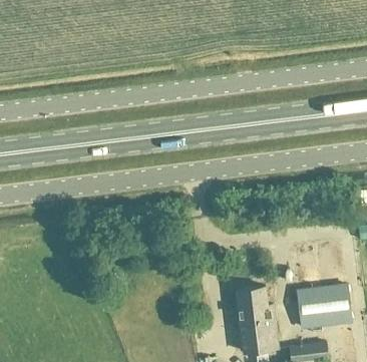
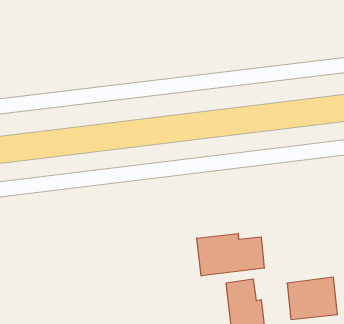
building: none -> [197,233,264,276]

